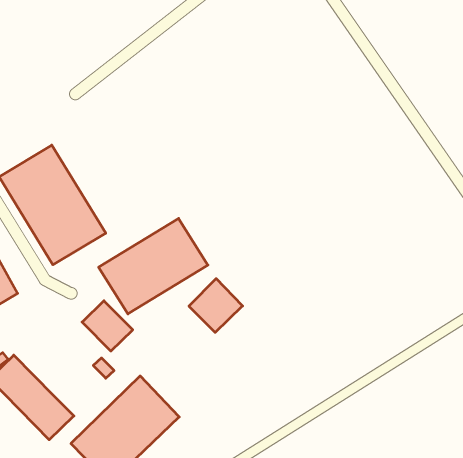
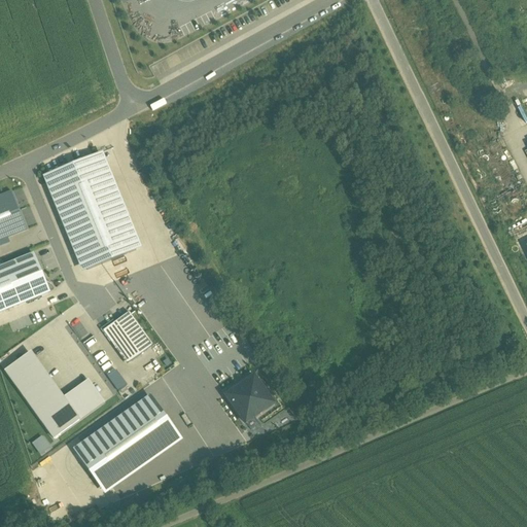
building: [99,218,208,314] -> none
building: [189,279,243,332] -> [223,370,276,422]
building: none -> [64,378,105,419]

